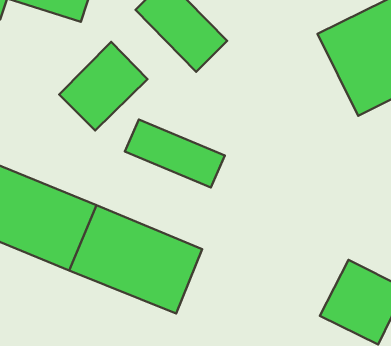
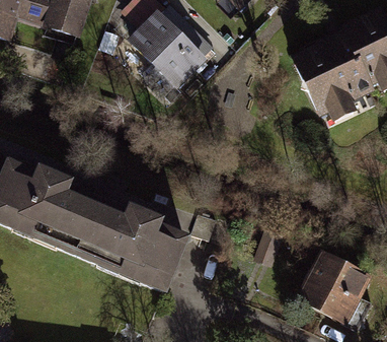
building: [59,42,148,130] -> none
building: [125,120,225,187] -> none

